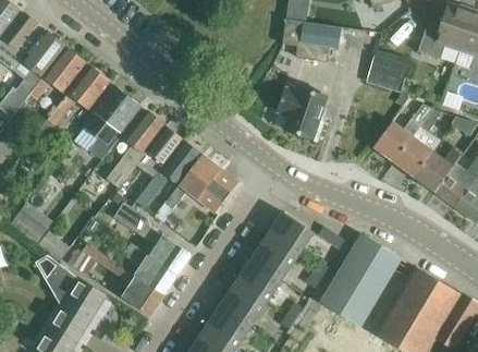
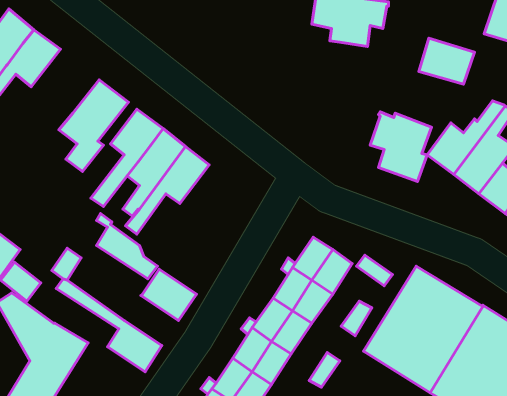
building: [47,66,109,126] -> none
building: [278,85,326,139] -> [370,112,431,181]
building: [155,154,237,221] -> none
building: [125,243,177,295] -> none

